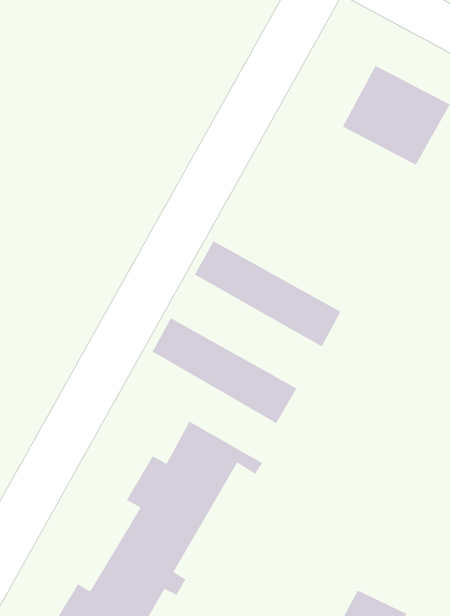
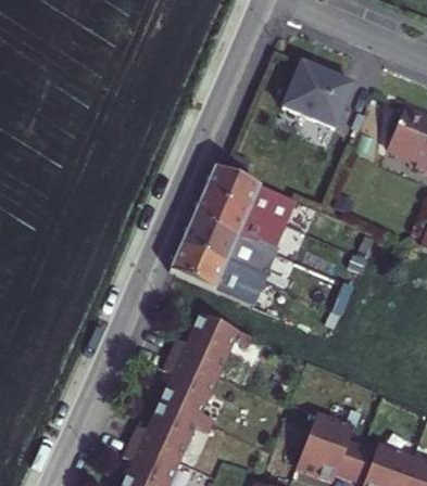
building: none -> [202,163,306,228]
building: none -> [178,213,284,283]

